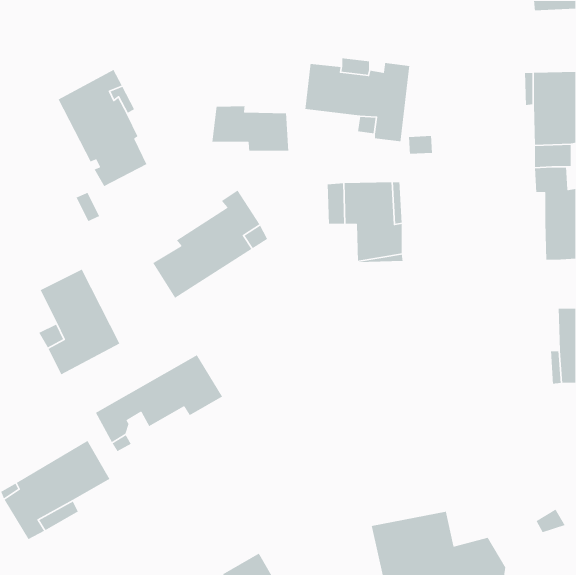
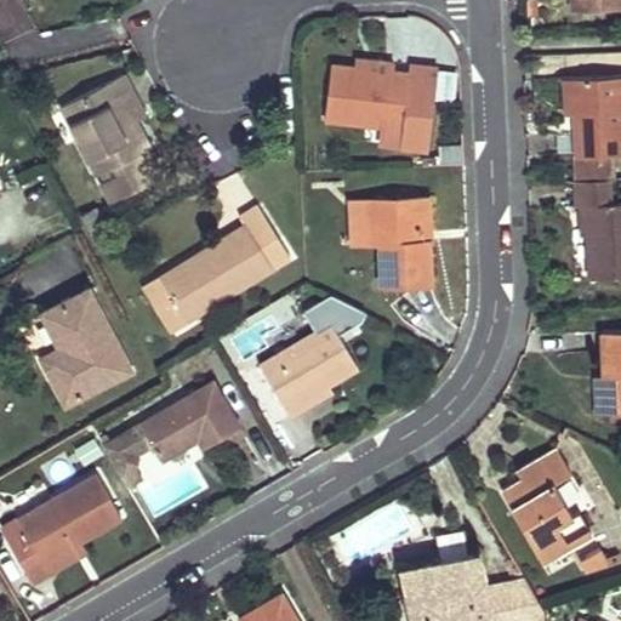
building: [211,105,289,151] -> none
building: none -> [144,260,194,331]
building: none -> [257,296,363,418]
building: none -> [501,450,591,563]

